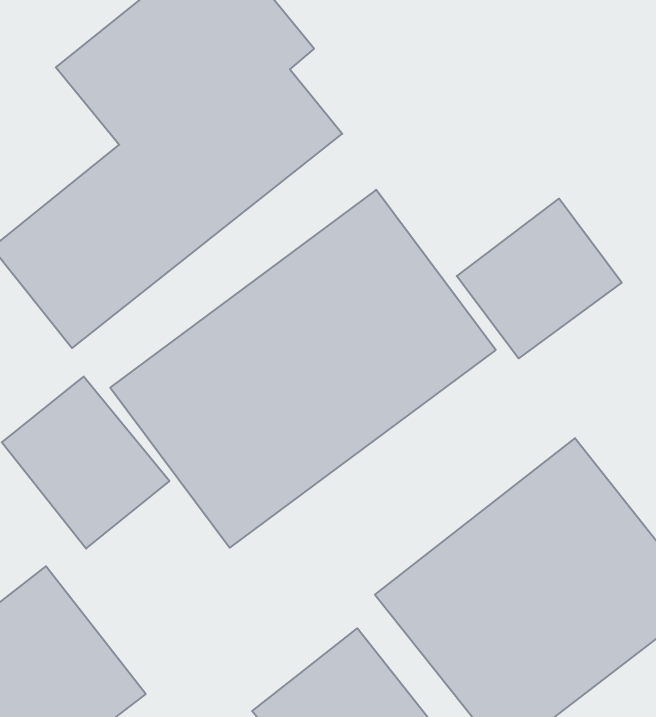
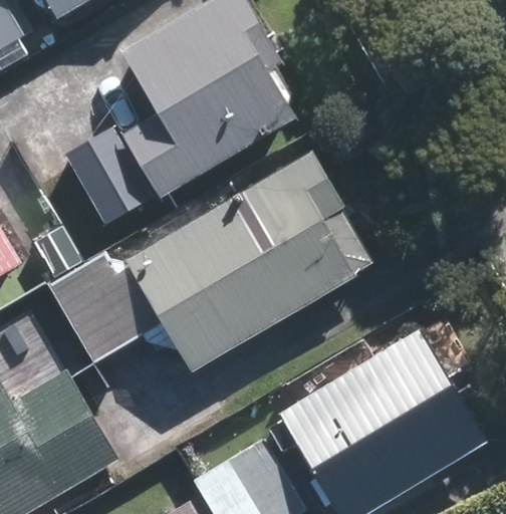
building: [457,199,622,358] -> none

